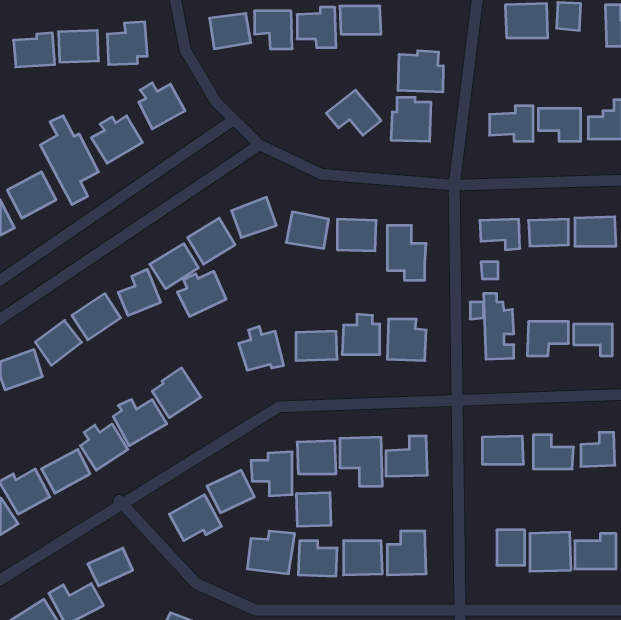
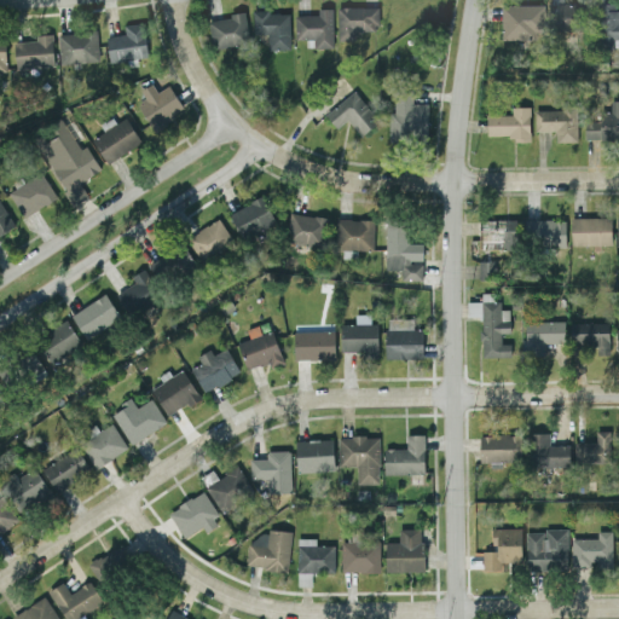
building: [398,51,443,92] -> none
building: [177,271,226,316] -> [192,348,241,393]
building: [297,492,331,526] -> none

